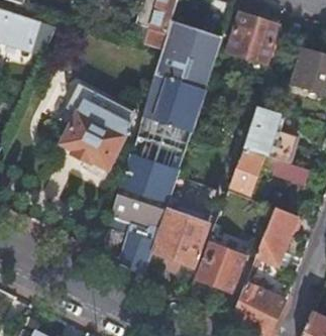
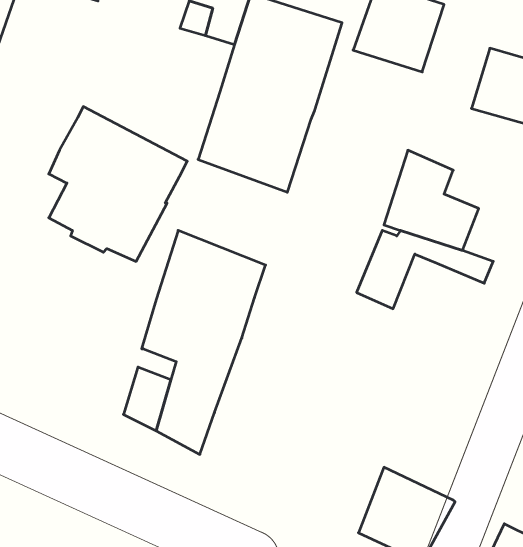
building: [256,207,298,264] -> none
building: [151,210,208,264] -> none
building: [197,242,245,291] -> none

